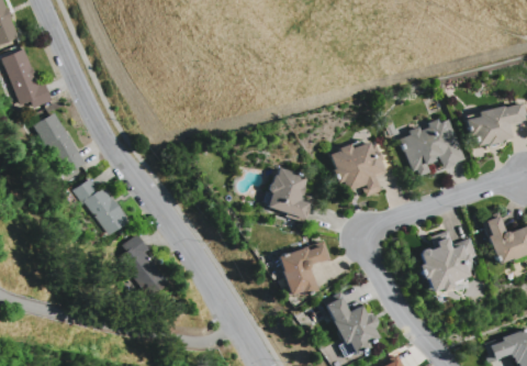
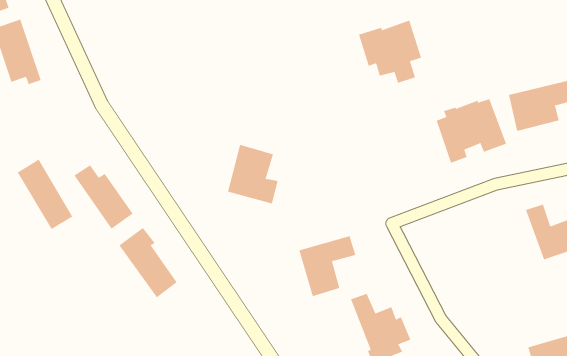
building: [36,112,87,176] -> [17,159,73,230]
building: [329,138,386,196] -> [358,20,422,83]
building: [266,167,312,221] -> [227,144,279,204]
building: [418,231,475,293] -> none

